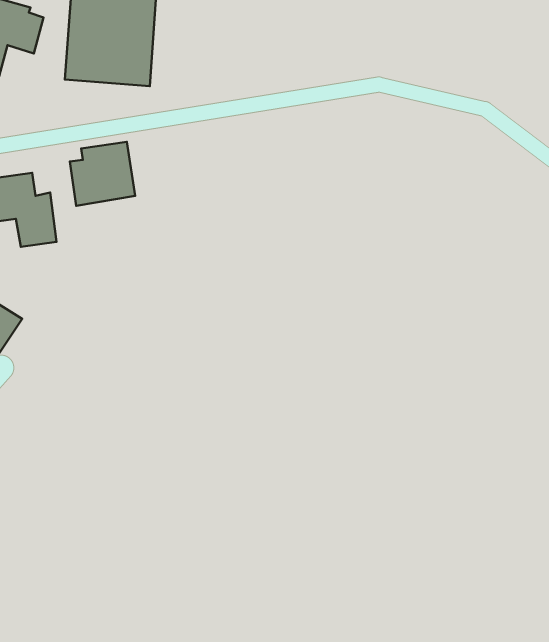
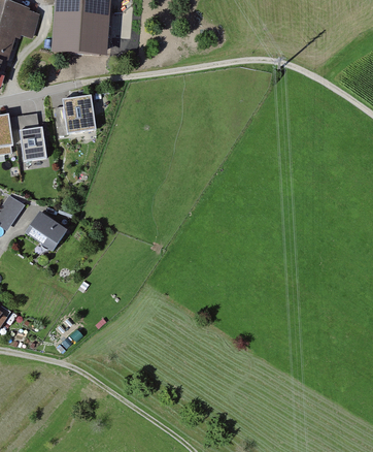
building: none -> [26,211,67,250]

